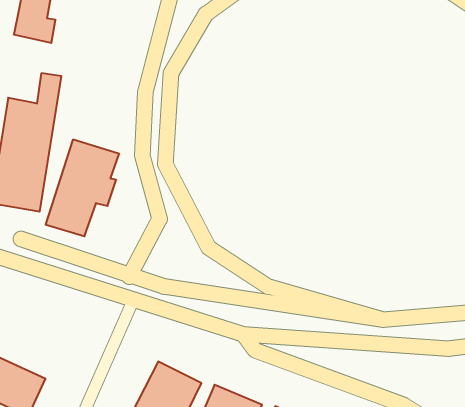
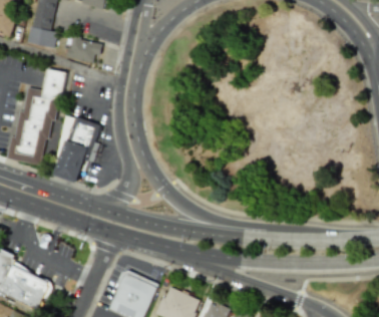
building: none -> [67,37,103,62]

